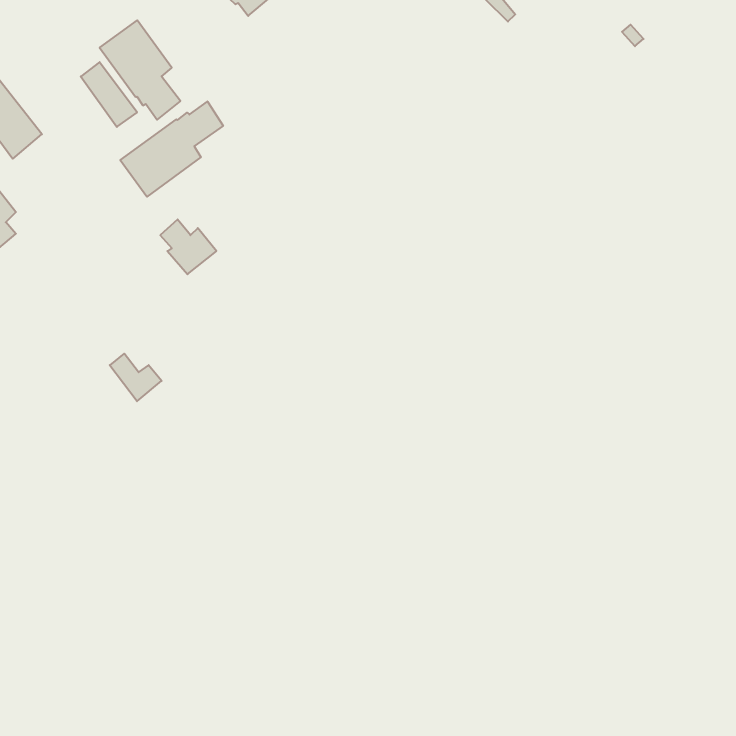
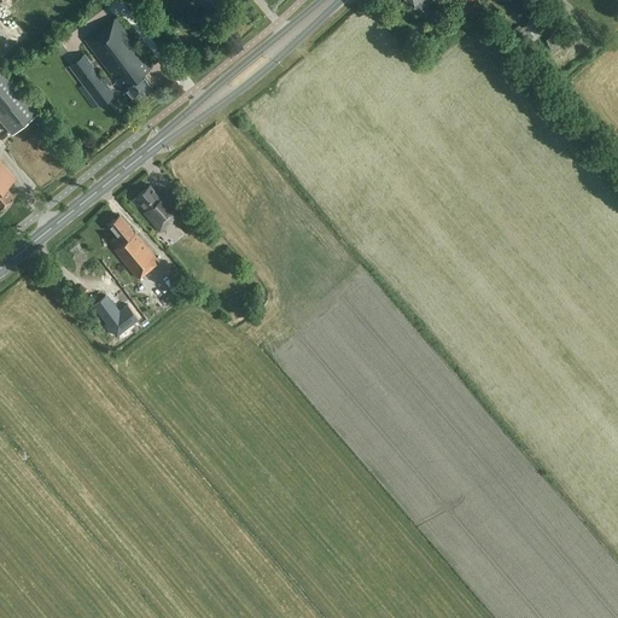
building: [120,101,223,197] -> none
building: none -> [107,214,158,276]

